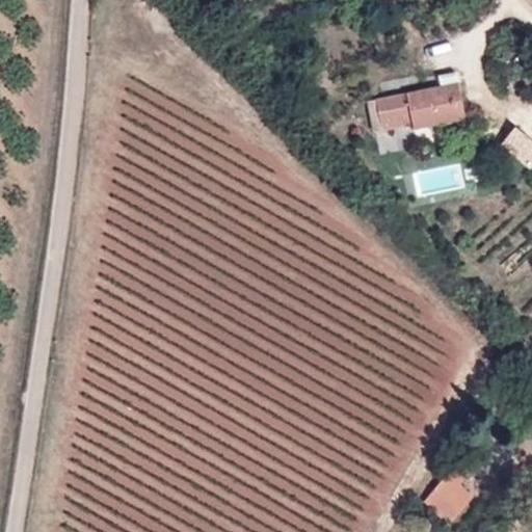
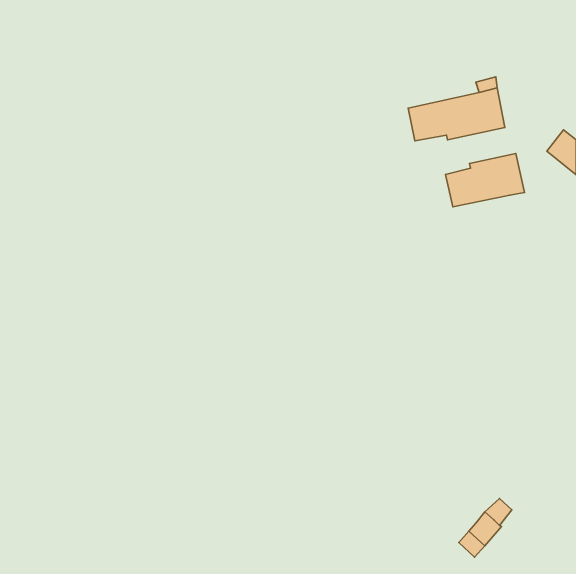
building: none -> [446,154,525,207]

